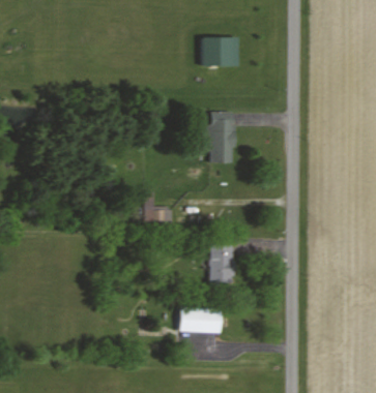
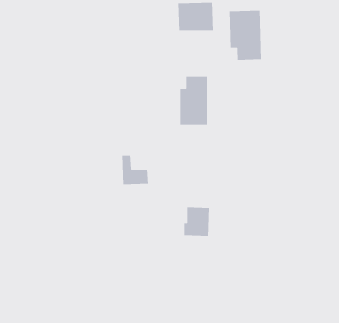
building: none -> [229,10,262,61]
building: [179,308,222,334] -> none

